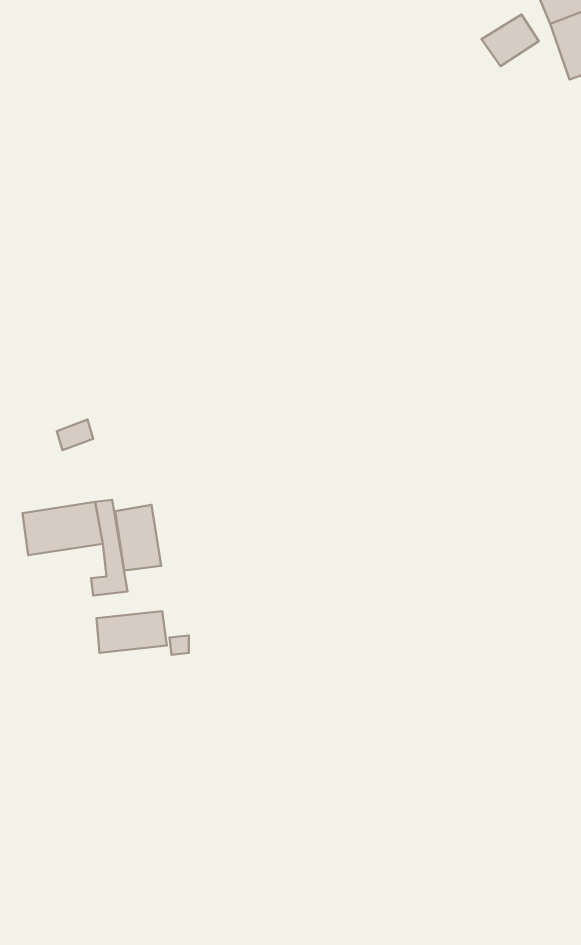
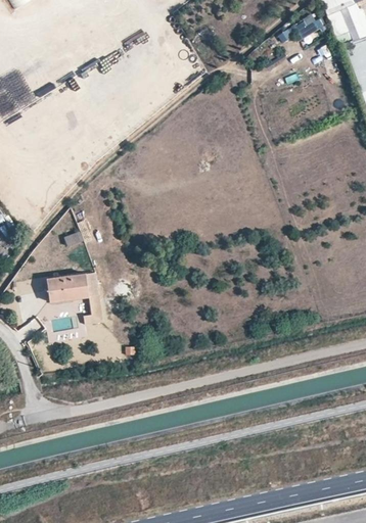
building: [115,505,161,571] -> none
building: [97,611,167,653] -> none

